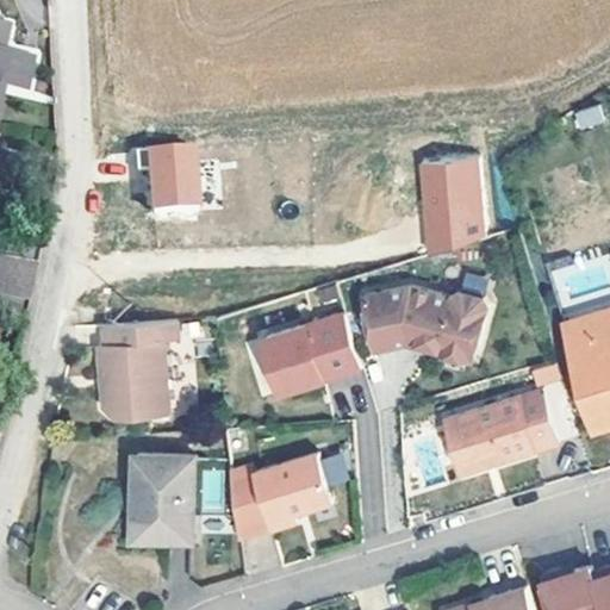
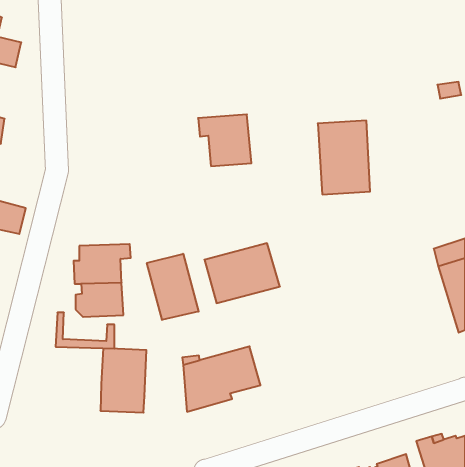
building: [127,145,197,212] -> [198,114,251,166]
building: [363,284,484,357] -> none
building: none -> [147,254,199,320]
building: [446,388,558,471] -> none
building: [120,502,197,548] -> [56,313,114,349]

